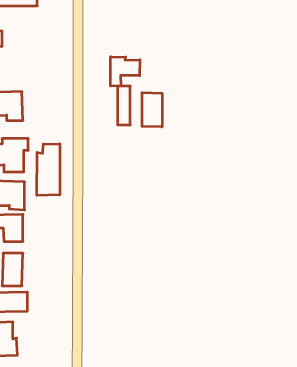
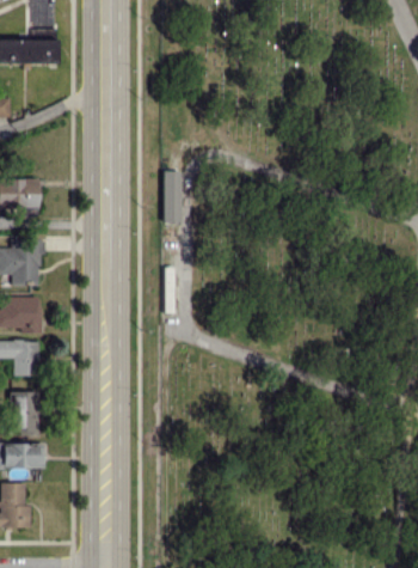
building: [111,57,140,86] -> none
building: [142,93,162,127] -> none
building: [37,144,60,195] -> none

